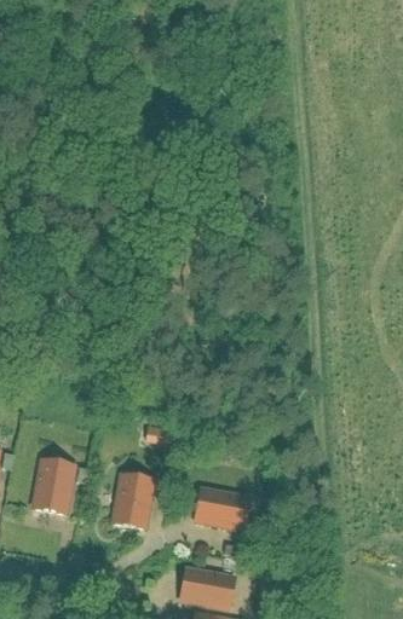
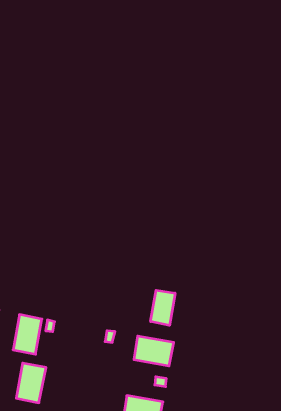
building: none -> [151,290,175,325]
building: [114,473,154,526] -> [16,363,46,403]

